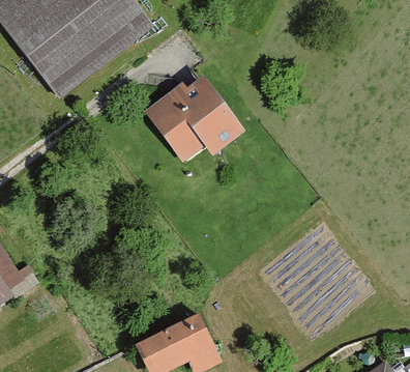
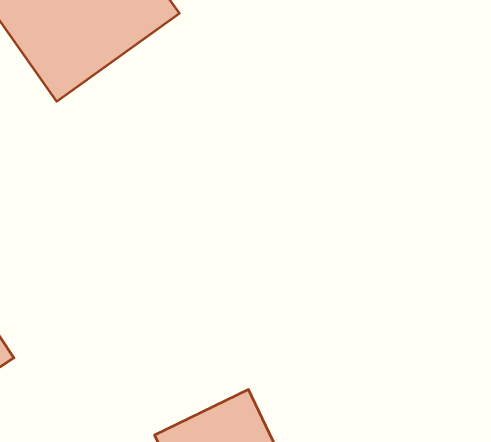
building: [144,74,241,172] -> none

